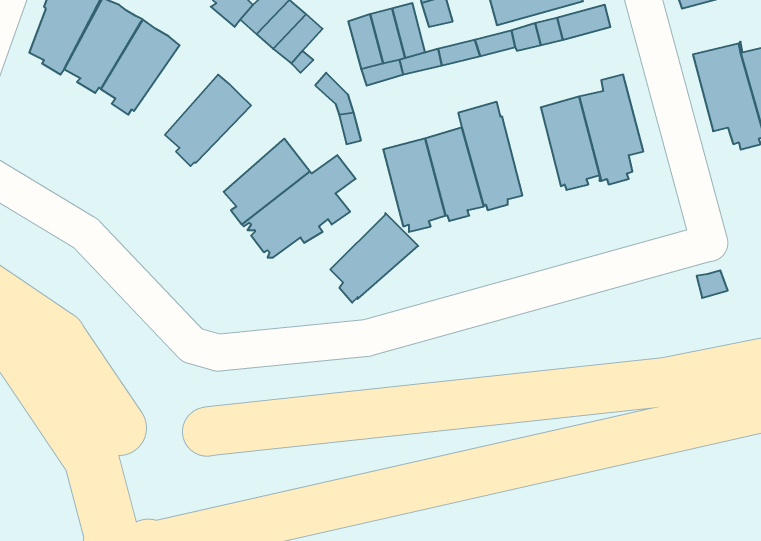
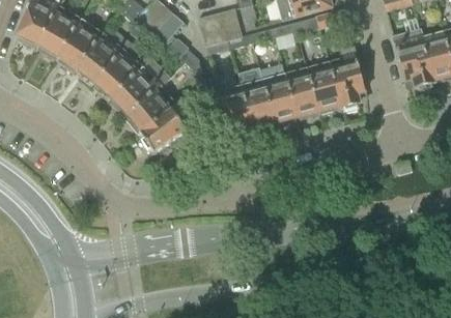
building: none -> [77,32,124,85]
building: none -> [285,67,318,120]
building: [330,213,418,303] -> [112,66,162,117]

